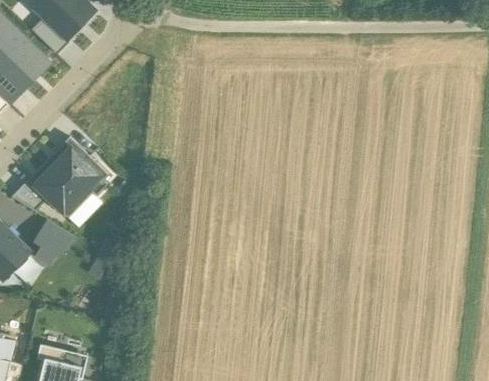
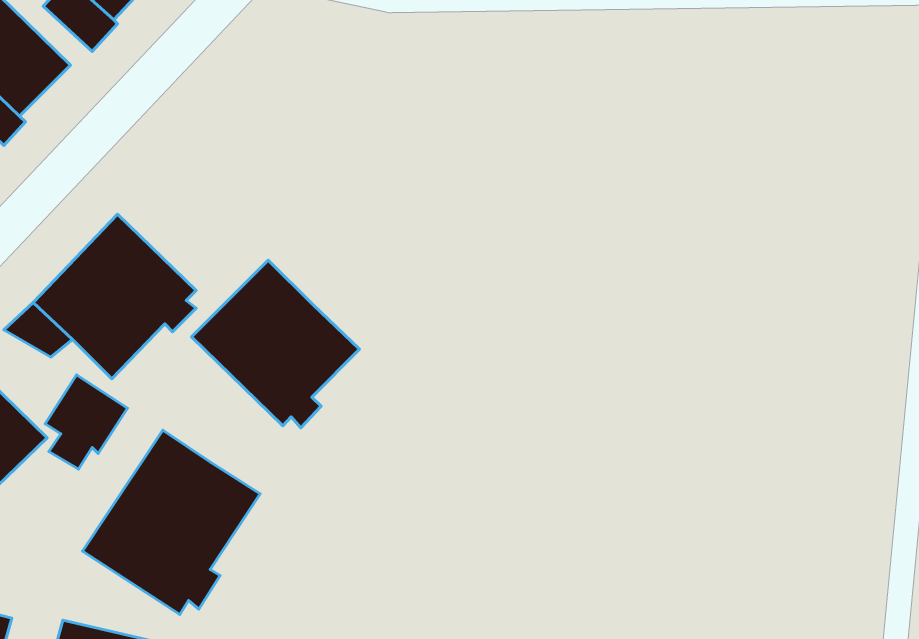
building: none -> [191,260,360,428]
building: none -> [82,430,260,614]

